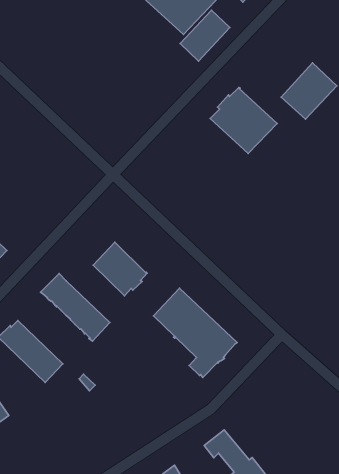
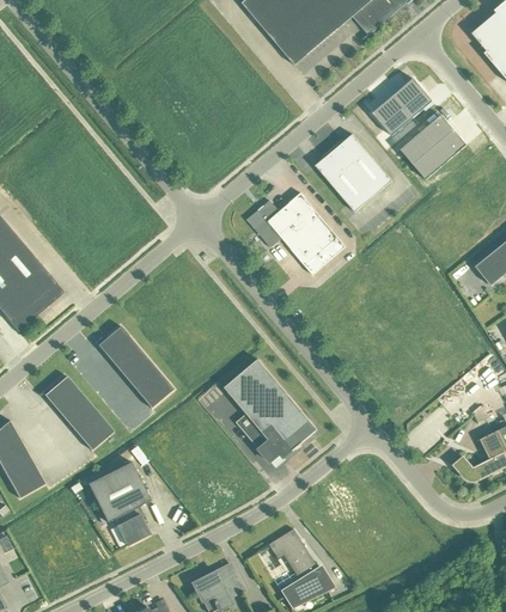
building: [180,10,230,61] -> [371,78,431,135]
building: none -> [245,191,345,274]
building: [93,242,147,296] -> none
building: none -> [86,460,150,544]

